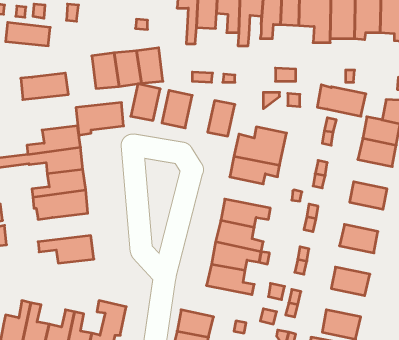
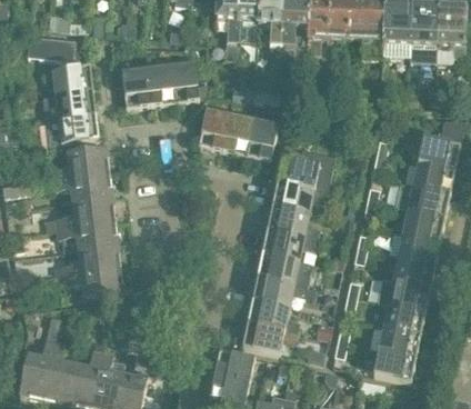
building: none -> [52,63,92,92]
building: [131,84,160,120] -> [223,112,255,152]
building: [317,85,366,116] -> [397,180,450,215]
building: [76,103,124,135] -> [46,111,98,147]
building: none -> [267,201,319,236]
building: none -> [387,228,440,261]
building: none -> [59,241,120,273]
building: none -> [377,275,430,308]
building: none -> [242,320,297,352]
building: none -> [378,323,420,355]

